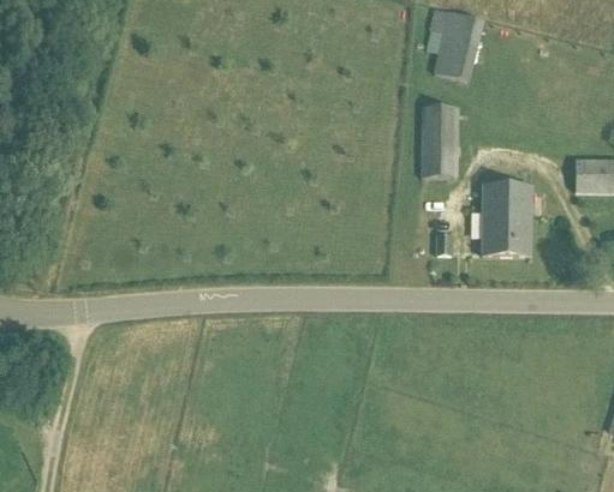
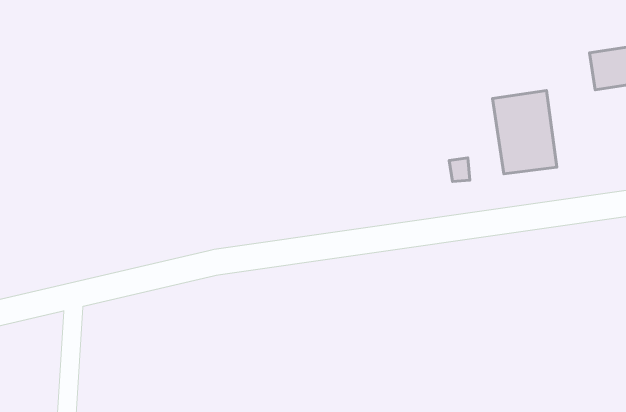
building: [418,106,457,176] -> none

